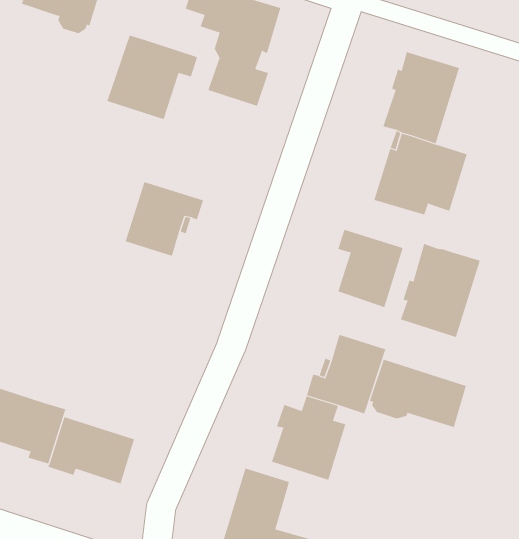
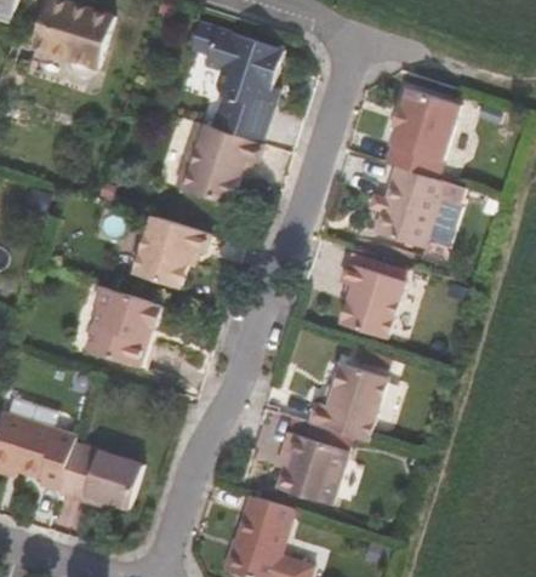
building: [107,35,198,120] -> [175,122,263,205]
building: [400,243,480,338] -> none
building: none -> [85,286,160,366]
building: [369,359,466,428] -> none

